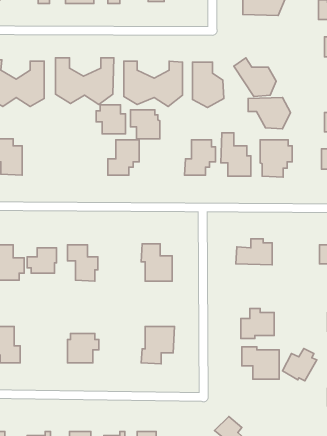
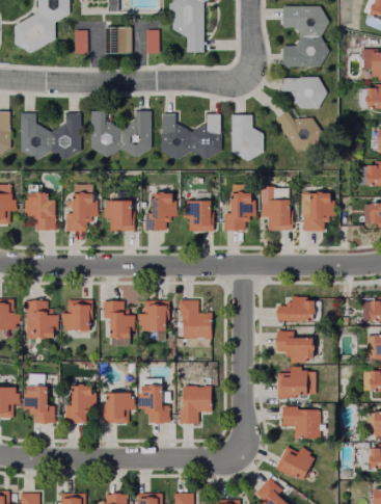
building: [248,97,291,129] -> [281,75,325,107]
building: [96,105,125,134] -> [104,201,134,231]
building: [131,110,160,139] -> [183,201,213,231]
building: none -> [66,193,97,232]
building: none -> [138,306,168,341]
building: none -> [276,331,314,363]
building: none -> [65,386,96,423]
building: none -> [138,386,169,423]
building: [283,349,317,381] -> [279,447,315,480]

